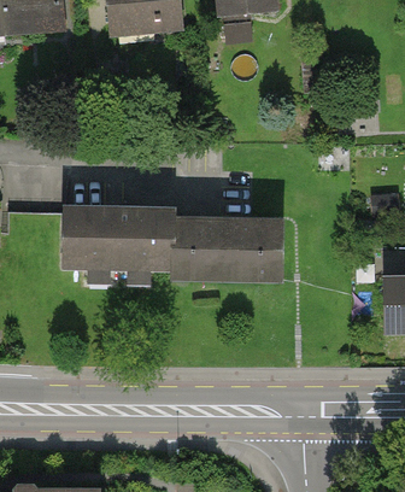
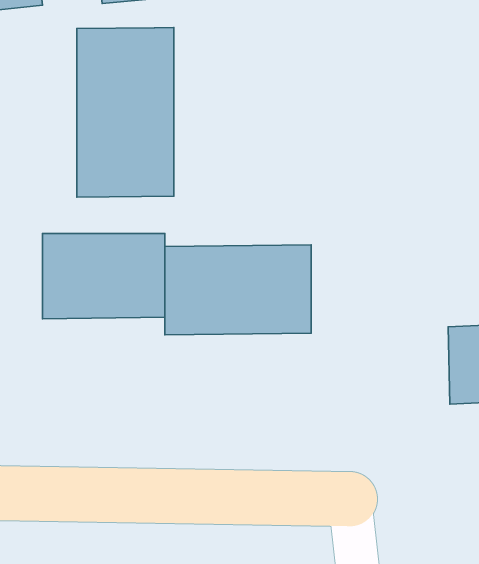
building: none -> [77,27,174,197]

